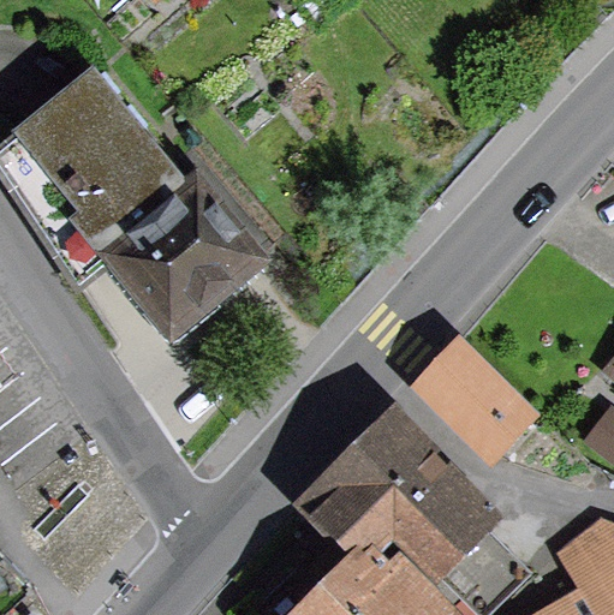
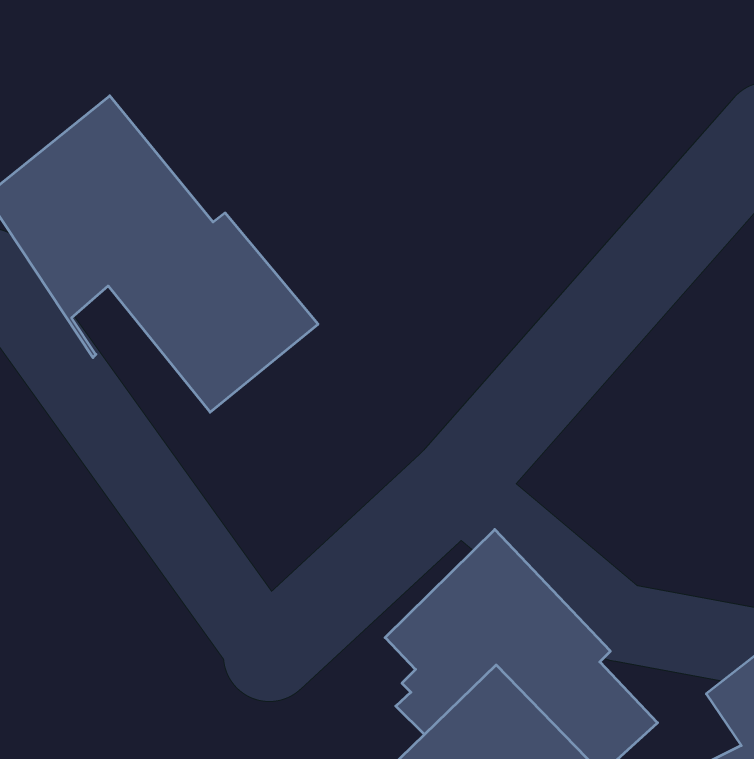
building: [424,345,535,454] -> none

